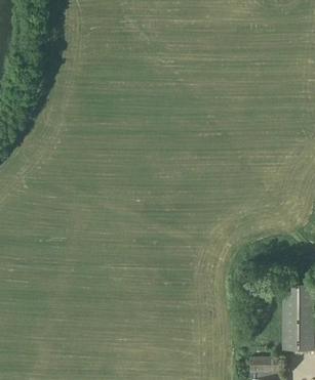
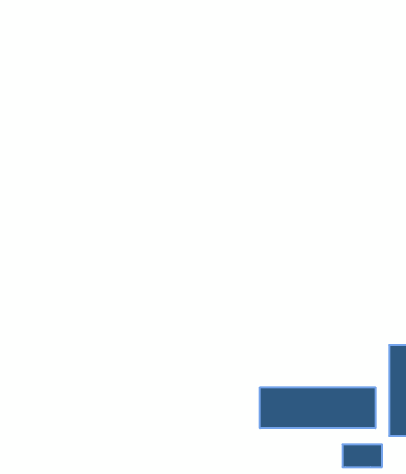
building: none -> [260,387,375,428]

